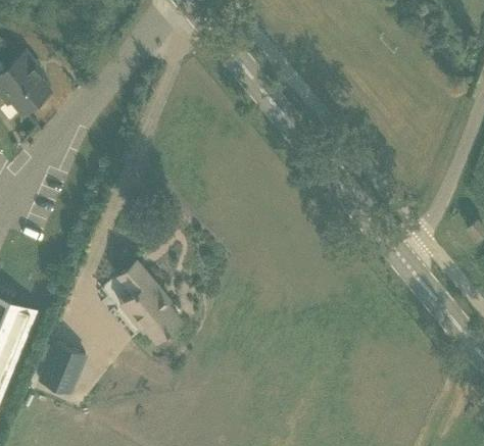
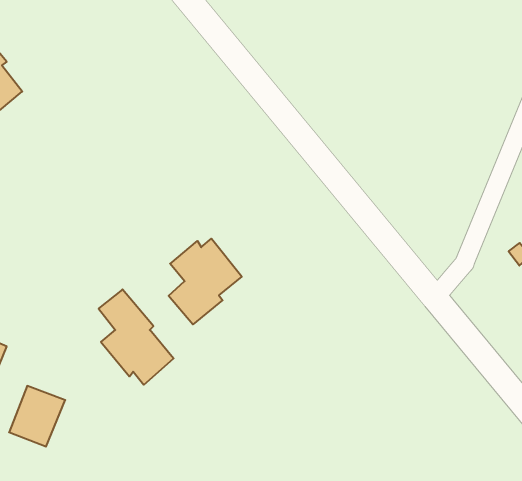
building: none -> [169,239,242,324]

